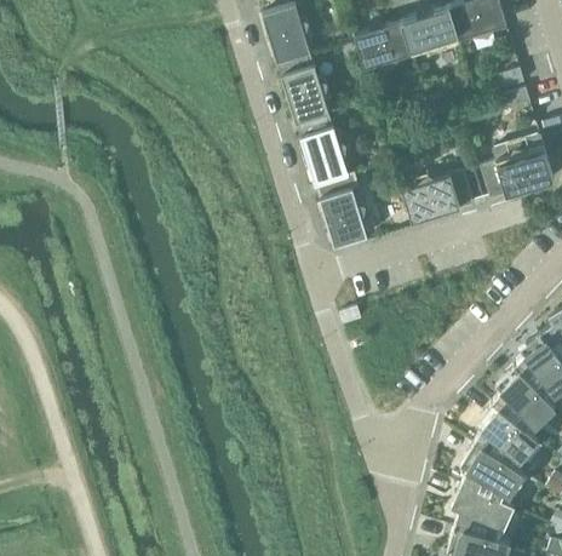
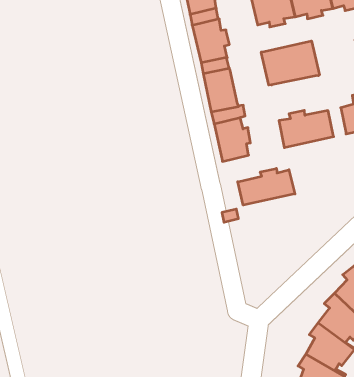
building: none -> [261,41,319,85]
building: none -> [238,168,295,205]

